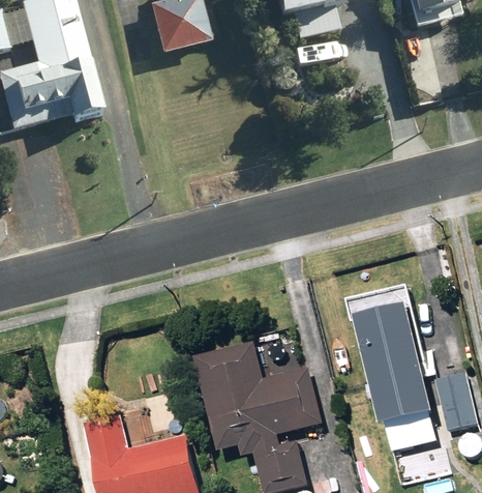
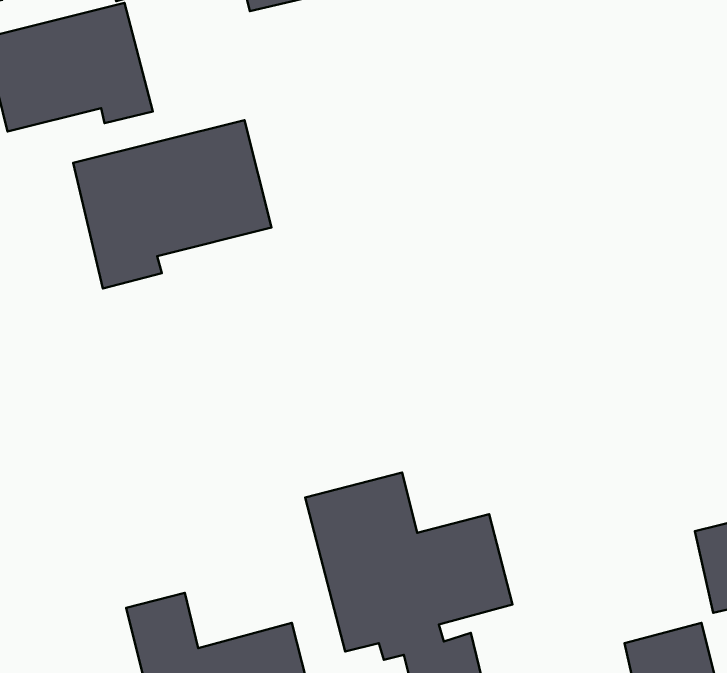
building: none -> [73,120,272,288]
building: [355,307,434,428] -> none

